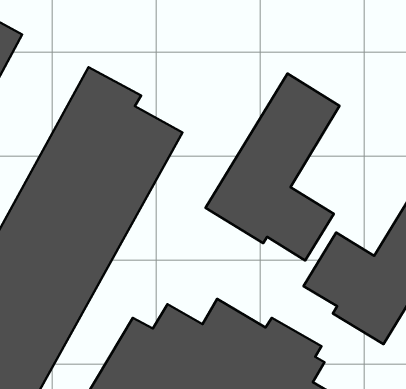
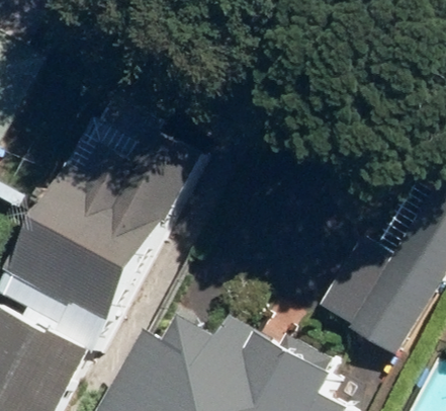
building: [206,73,340,261] -> none

